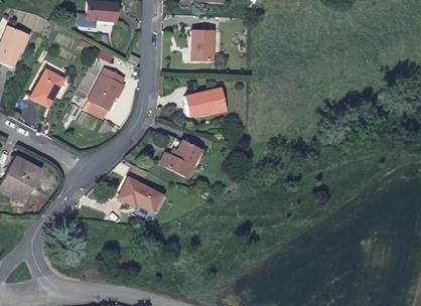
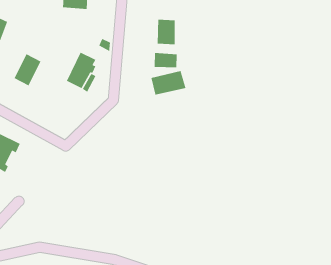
building: none -> [154,52,178,68]
building: [159,140,201,177] -> none
building: [119,177,161,210] -> none

